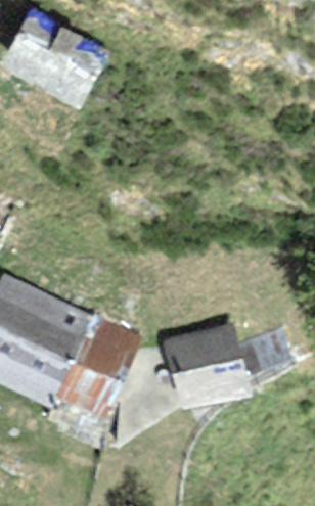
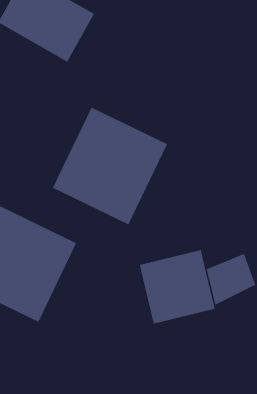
building: none -> [52,107,168,225]
building: [52,315,142,418] -> none

